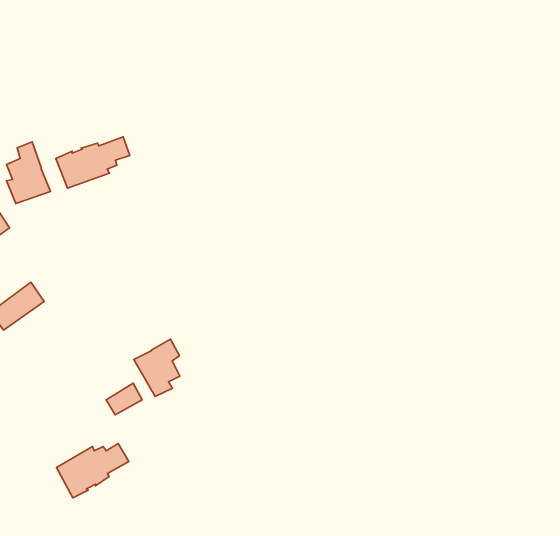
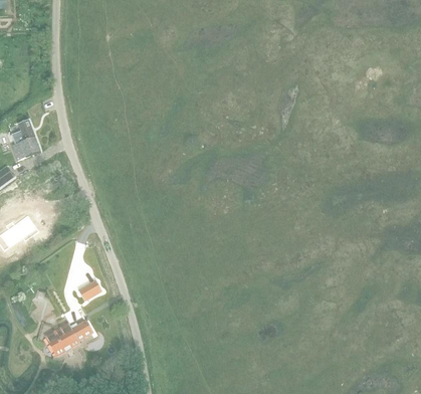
building: [56,137,130,188] -> none
building: [134,339,180,397] -> none

